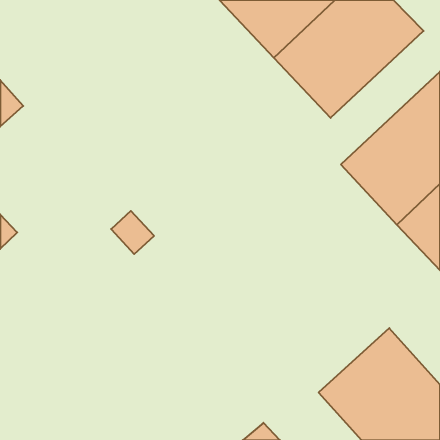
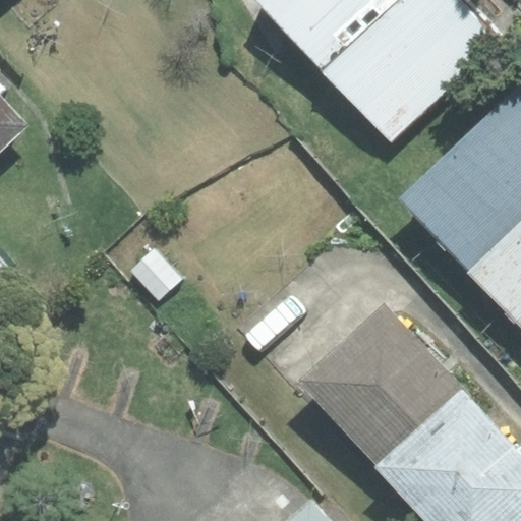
building: none -> [300,304,460,464]

